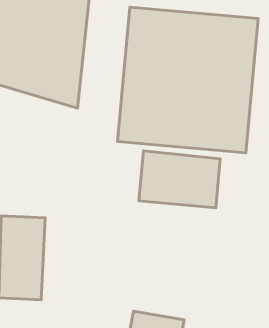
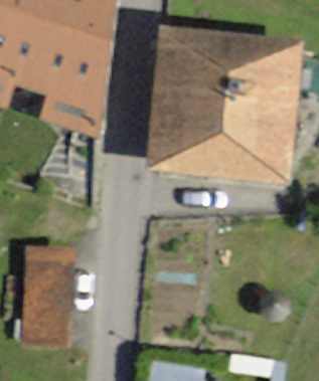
building: [139,151,220,208] -> none

